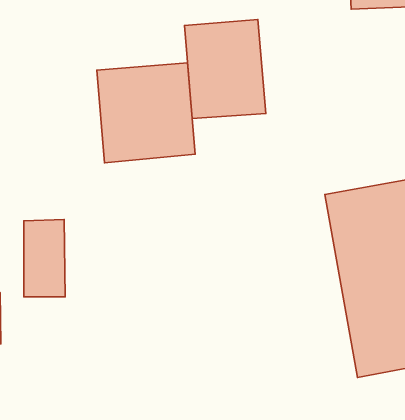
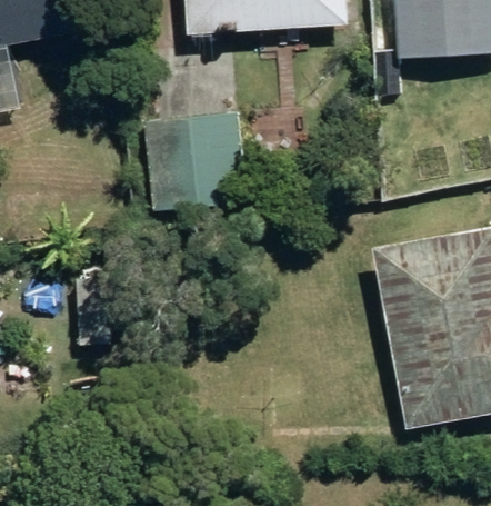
building: [184,20,266,118] -> none

